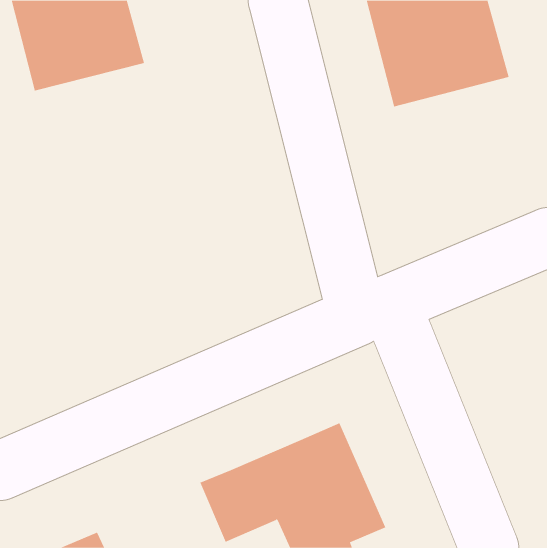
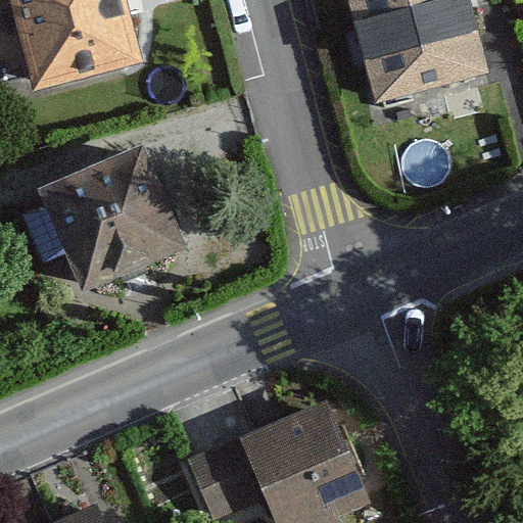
building: none -> [42,150,180,288]

